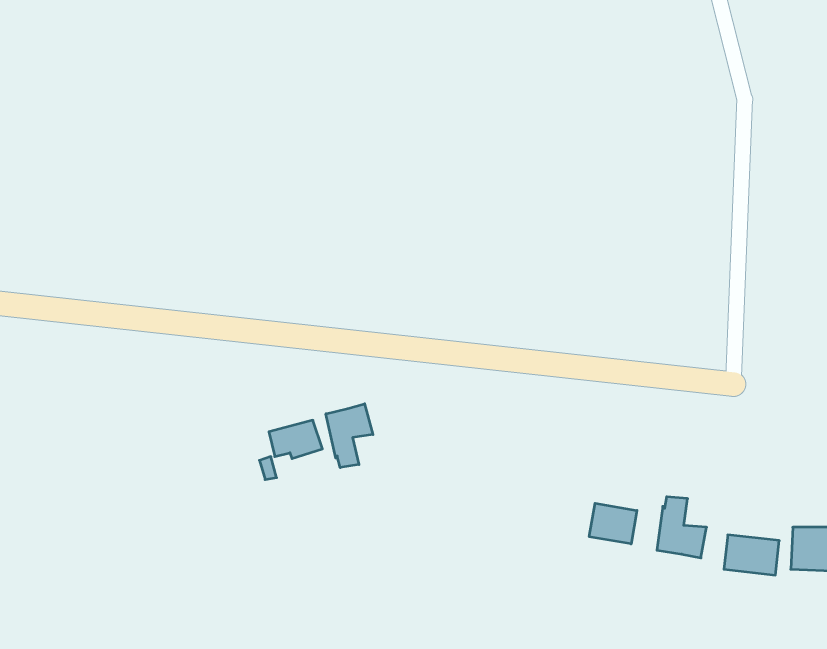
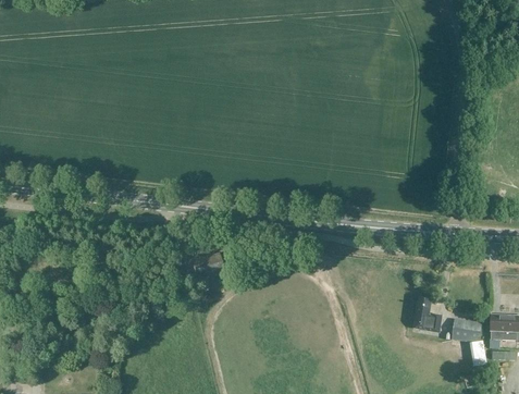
building: [326,404,373,468] -> none
building: [589,503,637,544] -> none

